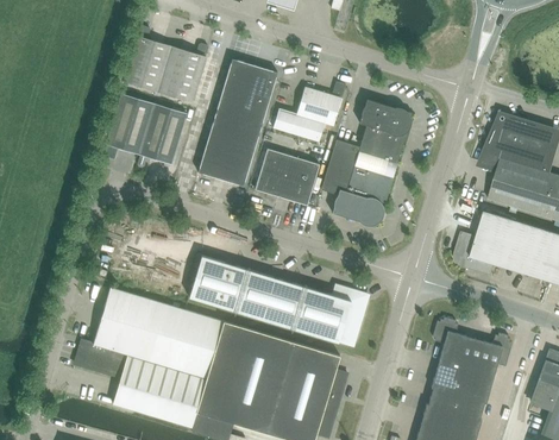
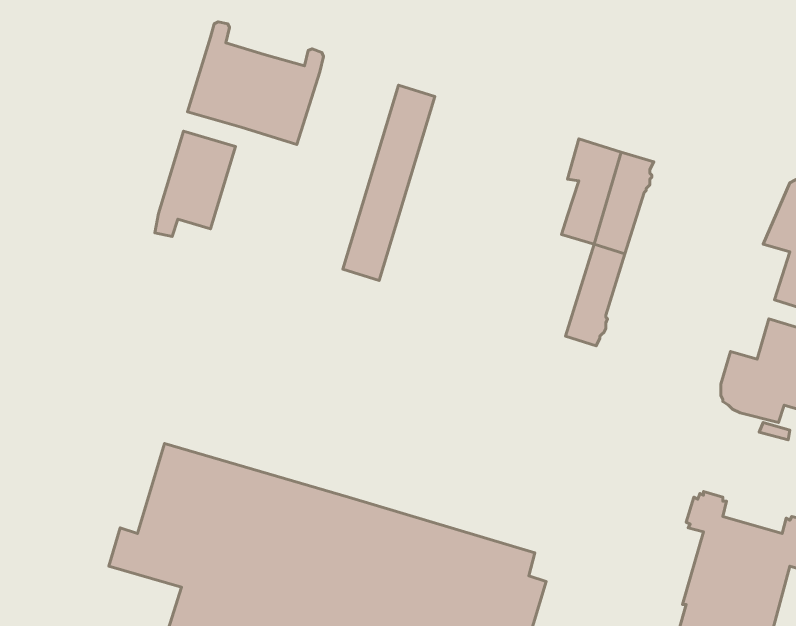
building: [197,59,255,181] -> none
building: [272,83,346,143] -> none
building: [137,105,187,169] -> none
building: [321,140,376,222] -> none
building: [255,150,320,207] -> none
building: [189,257,369,346] -> none

